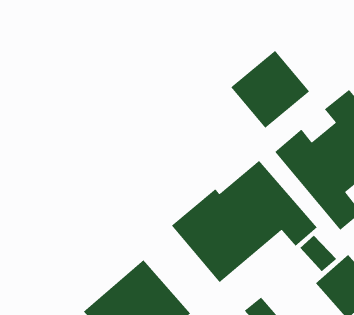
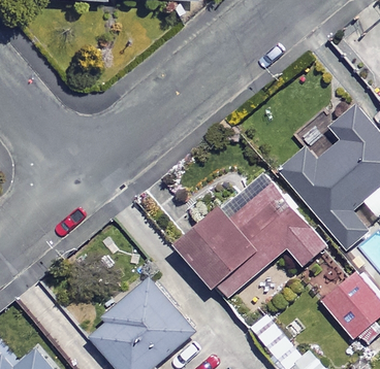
building: [230,50,310,129] -> none

